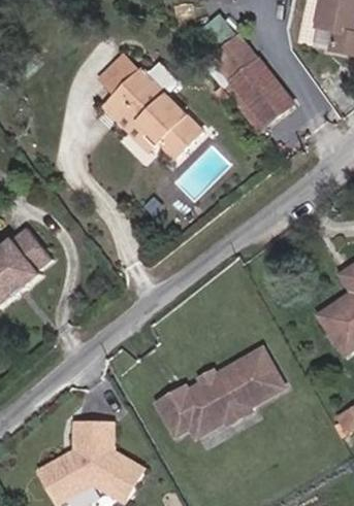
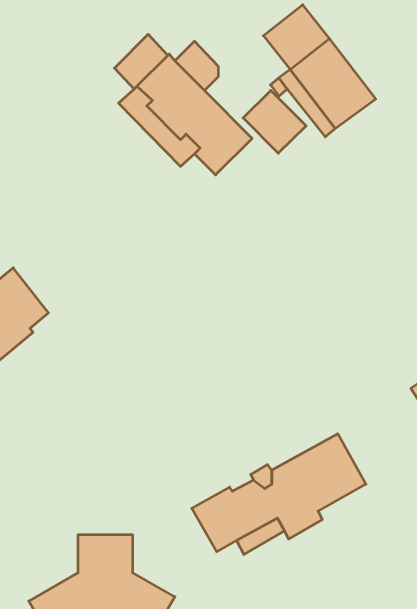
building: none -> [243,90,306,153]

